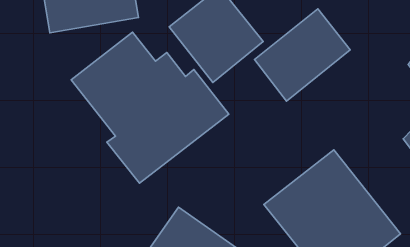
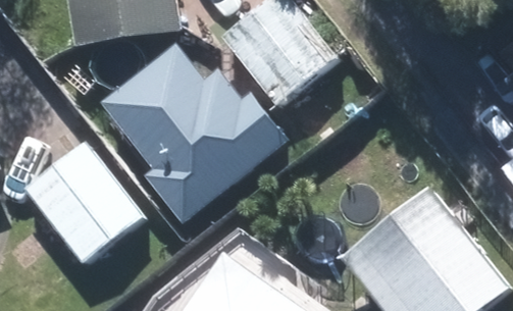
building: [254,9,350,101] -> none
building: none -> [21,140,142,262]

